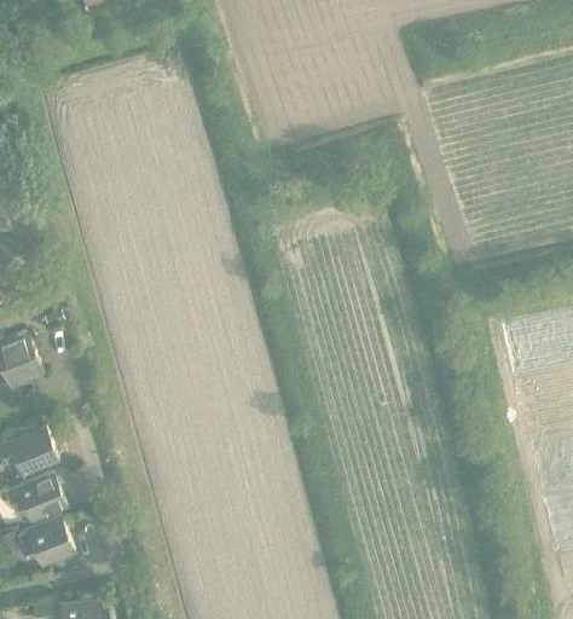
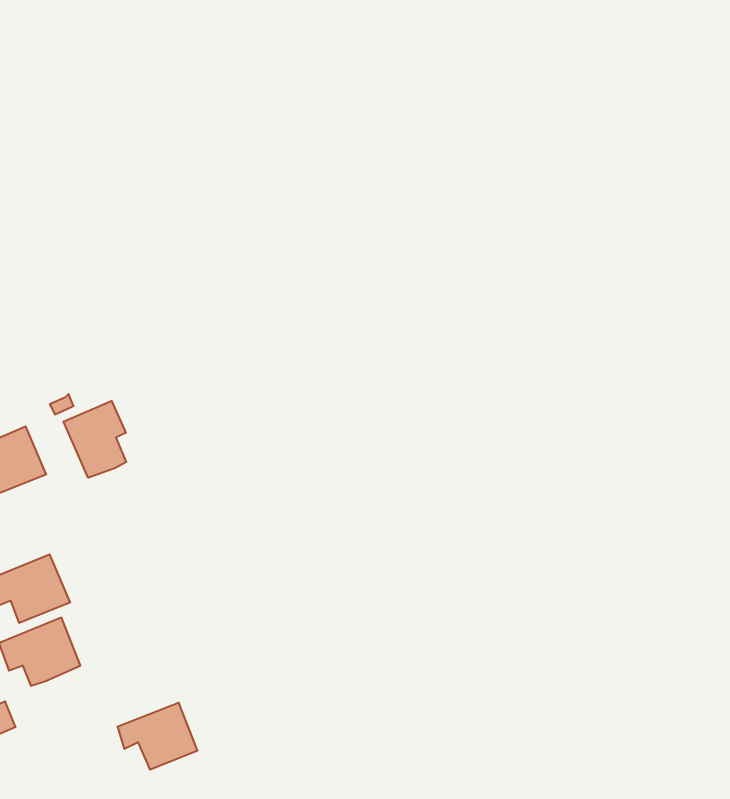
building: none -> [64,401,126,478]
building: [16,520,73,567] -> [117,703,198,769]

